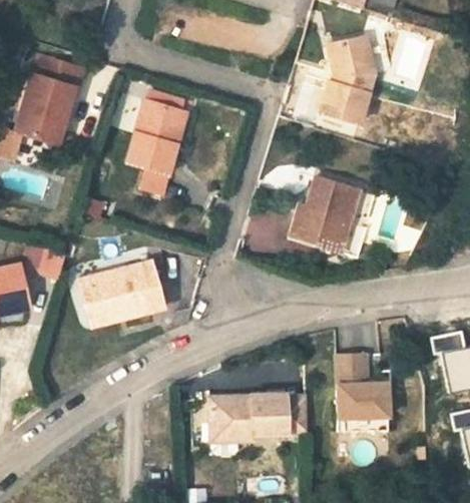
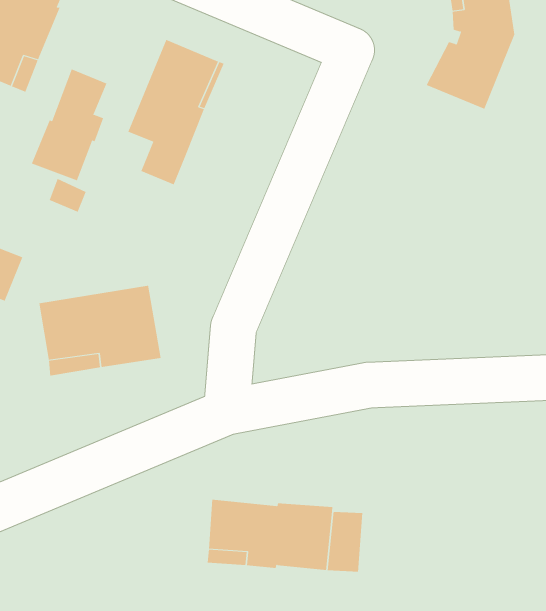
building: none -> [31,68,107,181]
building: [290,174,360,253] -> none
building: [337,354,389,419] -> none

